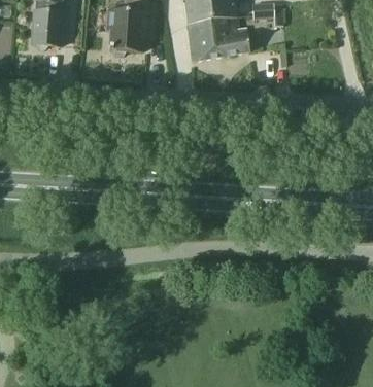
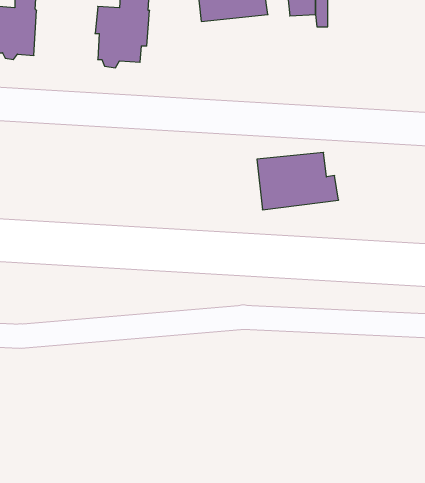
building: [188,14,249,58] -> [257,152,339,210]

